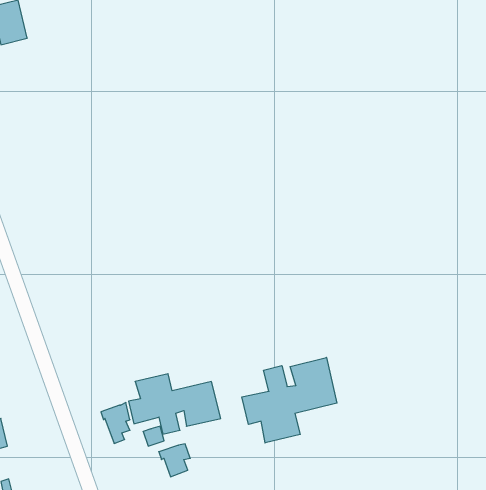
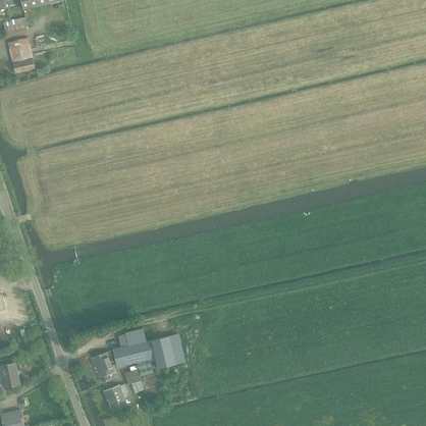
building: [242,357,337,443] -> none
building: [159,444,190,477] -> [102,384,126,410]

